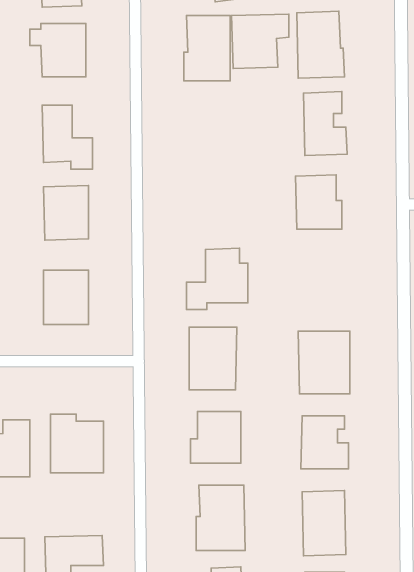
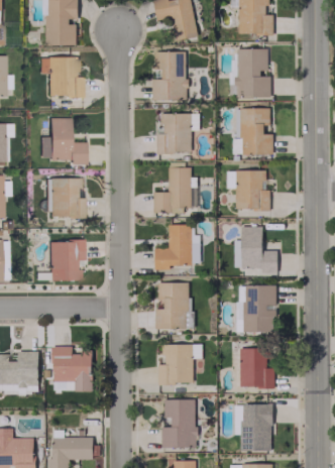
building: [232,14,289,68] -> [158,113,201,153]
building: none -> [154,167,199,213]
building: none -> [242,226,278,272]

